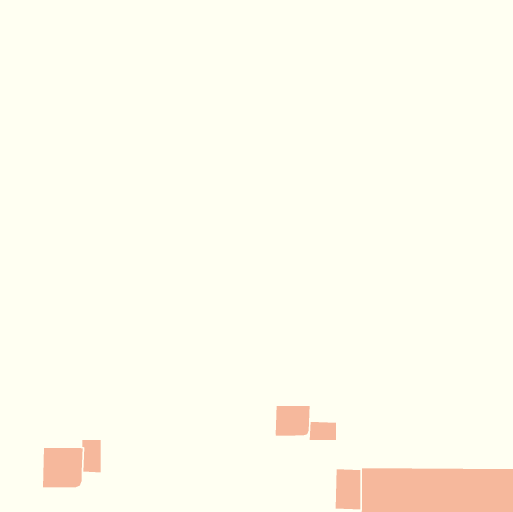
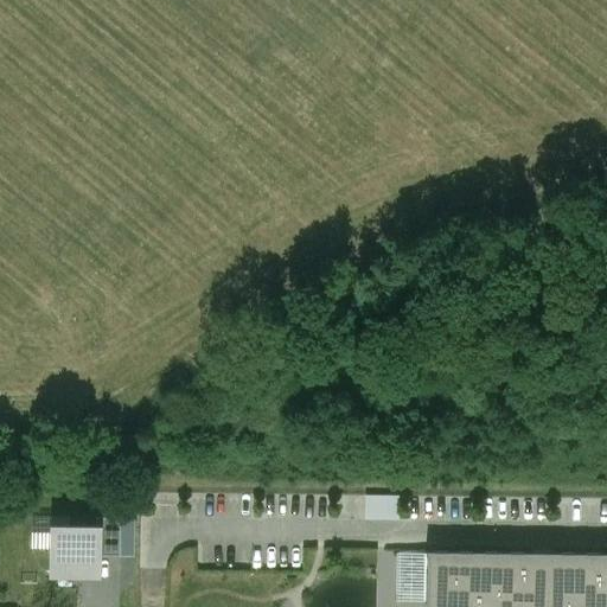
building: [275,405,310,436] -> none

